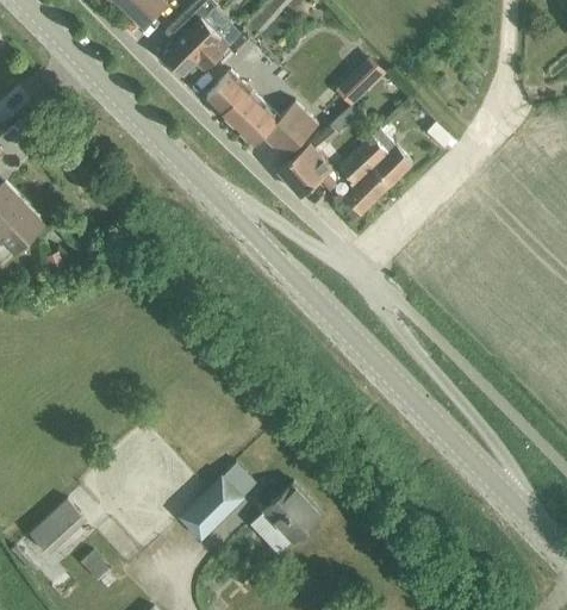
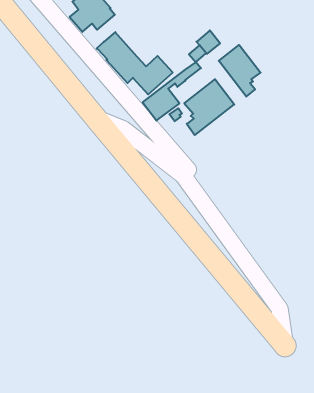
building: none -> [219,45,261,97]
building: [181,463,255,539] -> none
building: [249,483,323,555] -> none

